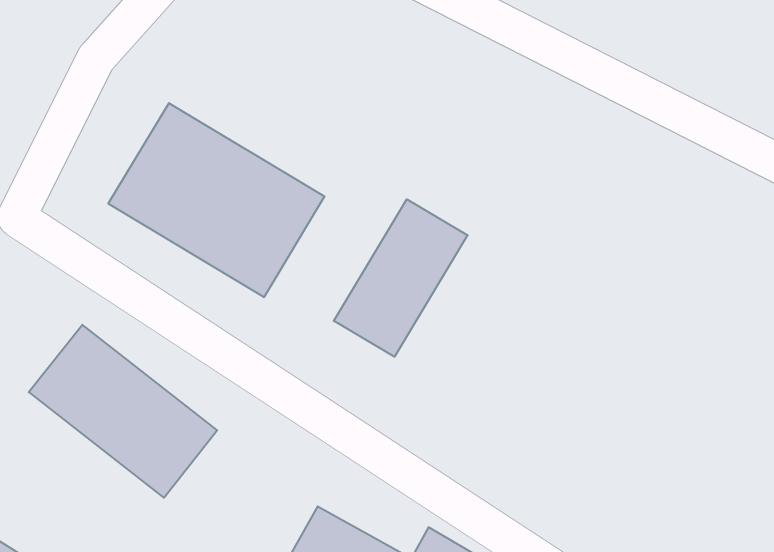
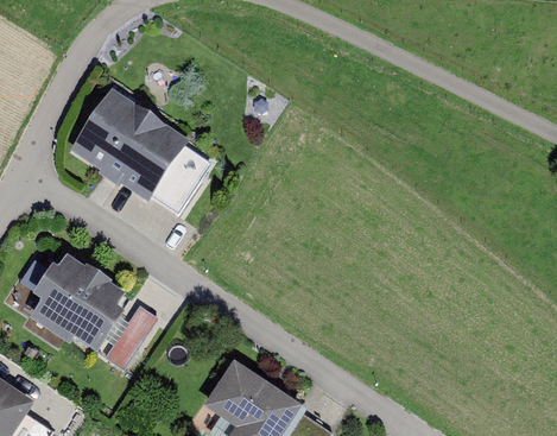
building: [334,199,468,357] -> none

